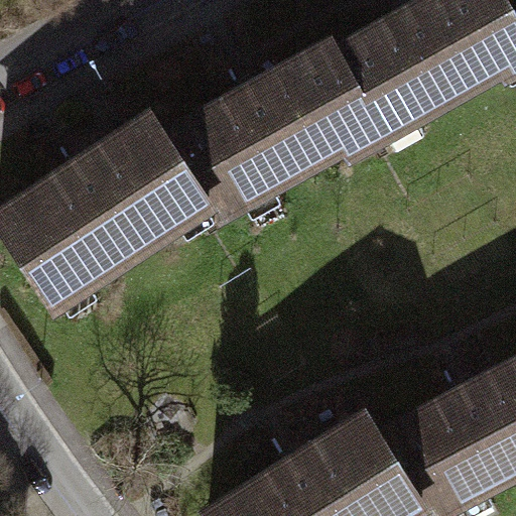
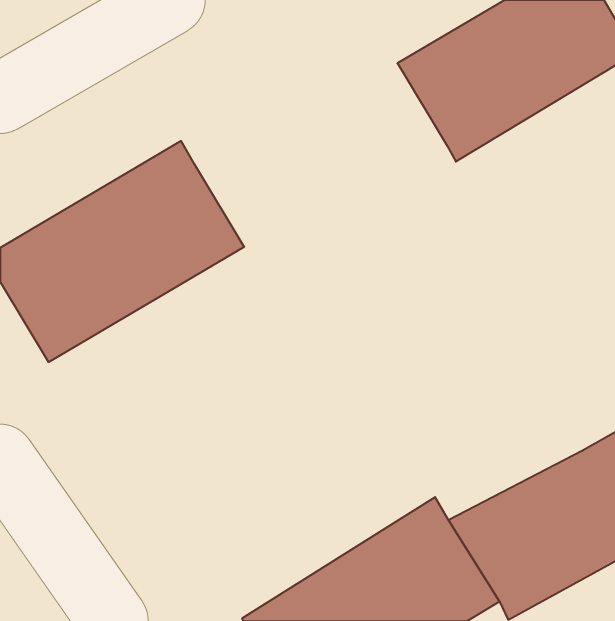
building: [166,40,376,217] -> none

